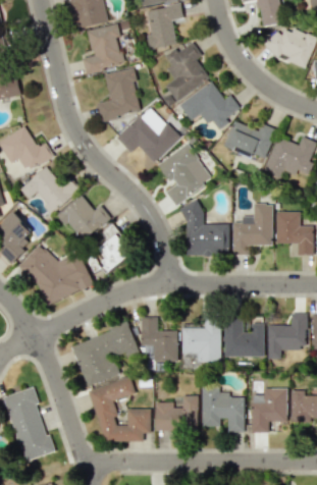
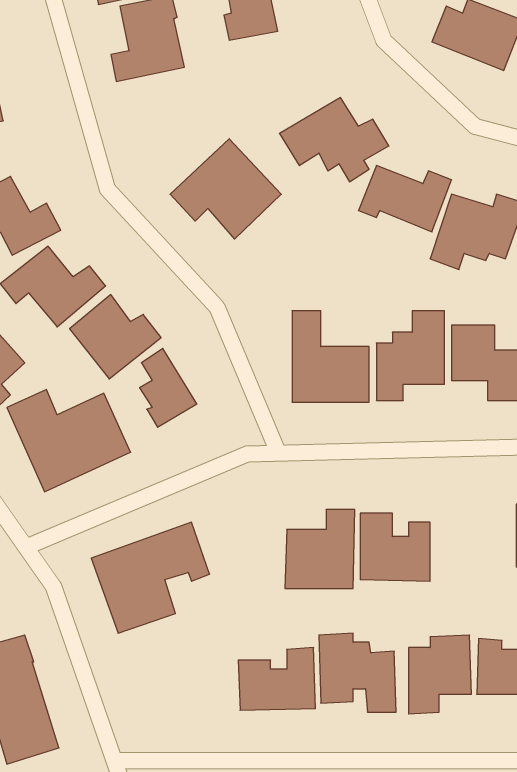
building: [165,43,210,102] -> none
building: [98,69,141,120] -> none
building: [159,145,211,204] -> none
building: [267,313,307,359] -> none
building: [141,318,177,362] -> none
building: [90,378,151,441] -> none

